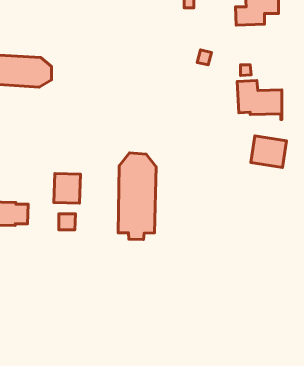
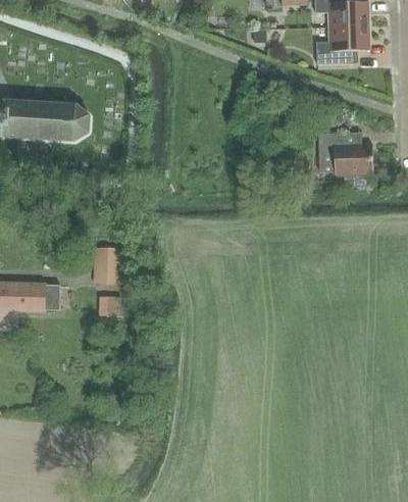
building: [251,136,287,167] -> none
building: [118,153,156,239] -> none

